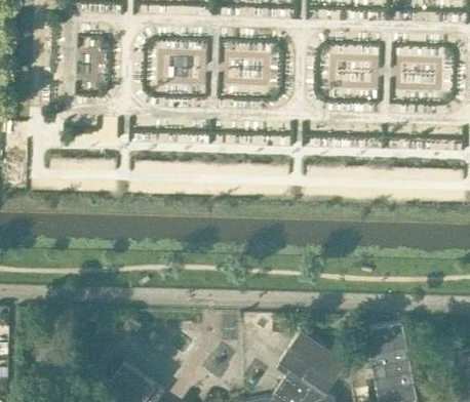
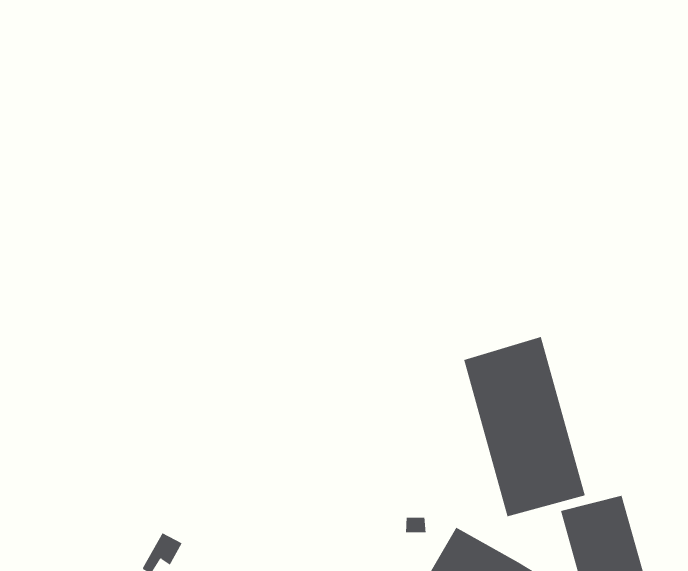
building: none -> [464,336,585,517]

